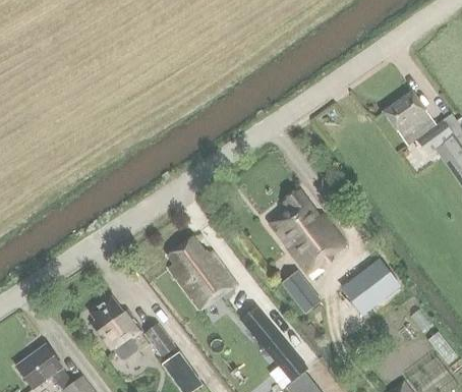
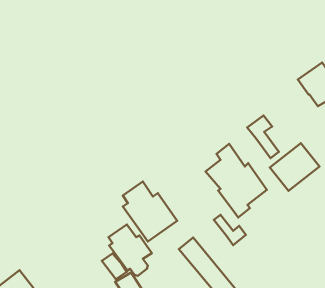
building: none -> [247,116,279,158]
building: [341,258,401,316] -> [270,143,319,191]
building: [90,295,142,357] -> [108,225,152,276]

